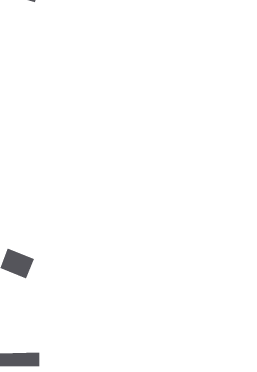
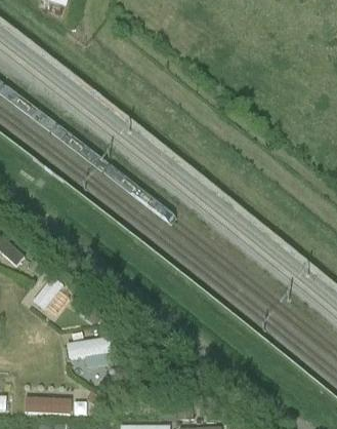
building: none -> [67,338,113,367]

